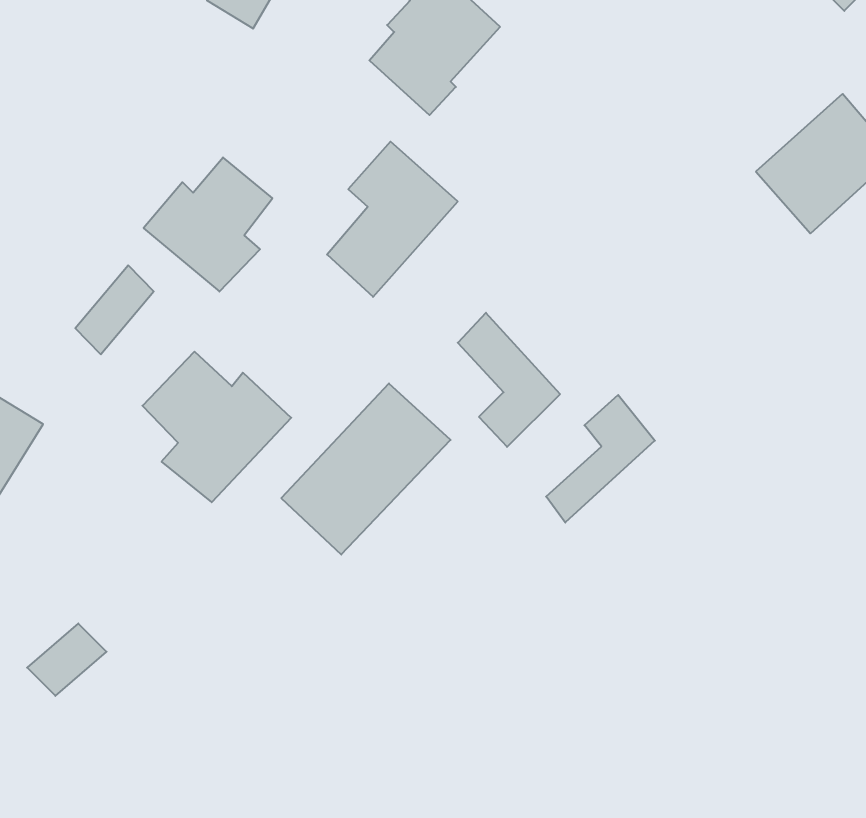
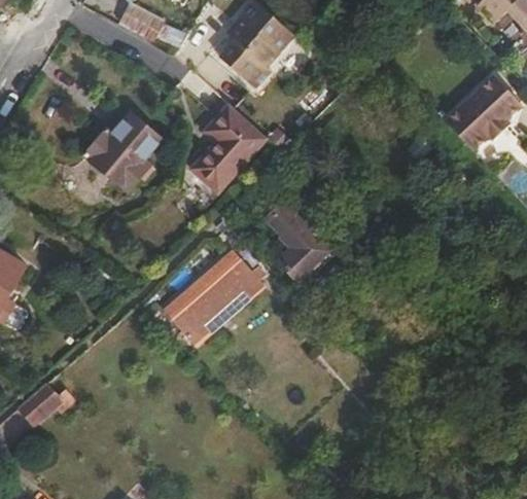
building: [75,265,154,354] -> none
building: [142,352,291,502] -> none
building: [546,395,655,523] -> none

